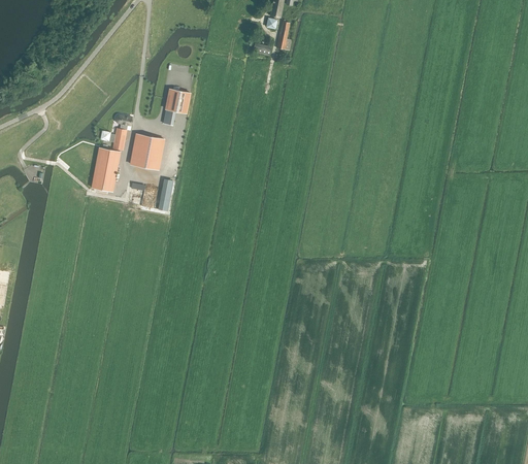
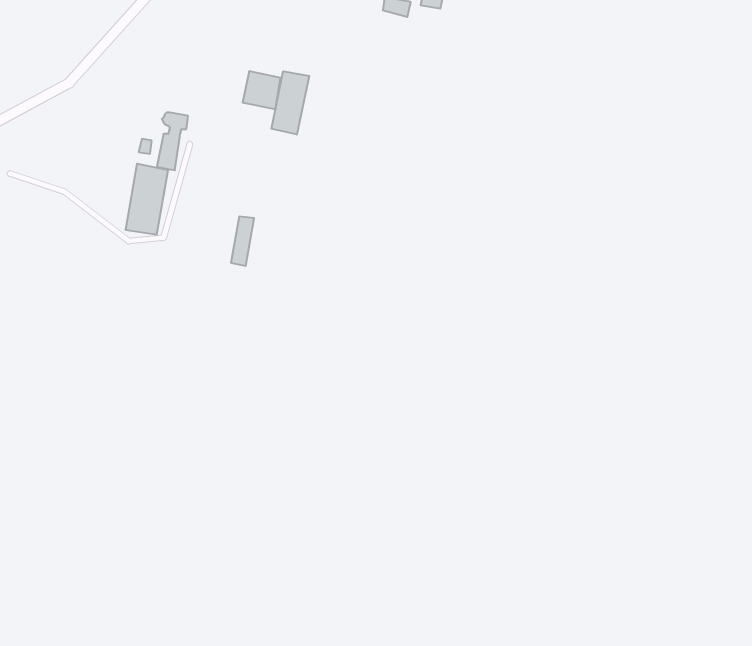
building: none -> [271,71,309,135]
building: [131,134,164,170] -> none

